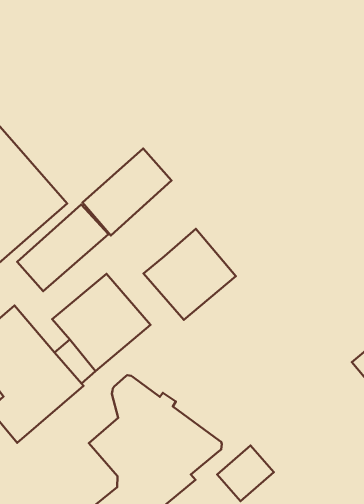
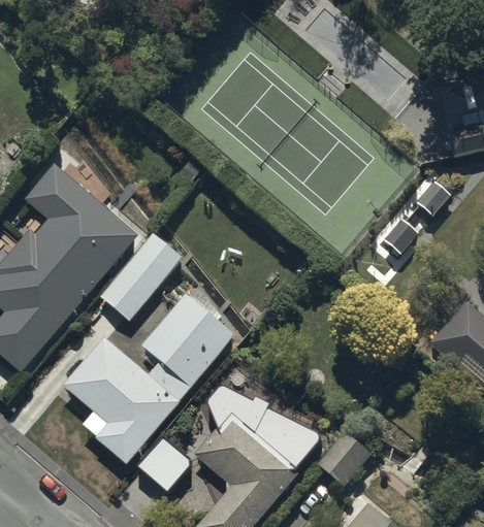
building: [83,149,172,236] -> none
building: [144,229,236,320] -> none
building: none -> [138,437,190,492]

